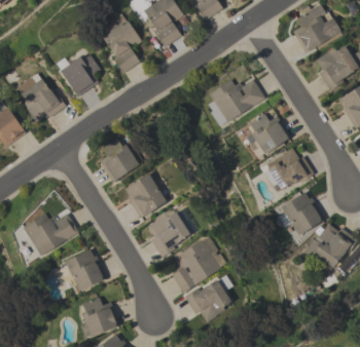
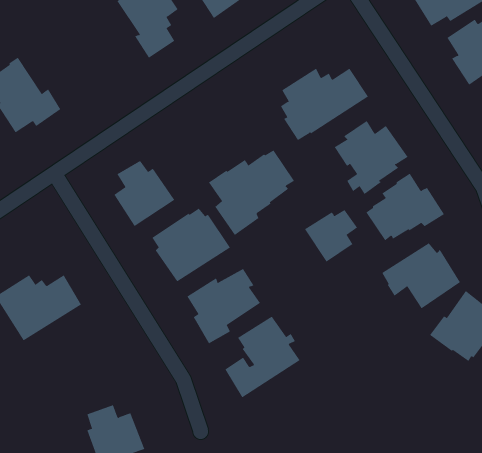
building: [61,54,101,95] -> none
building: none -> [208,150,295,236]
building: none -> [304,209,358,262]
building: [62,249,107,291] -> none
building: [185,275,233,323] -> none

